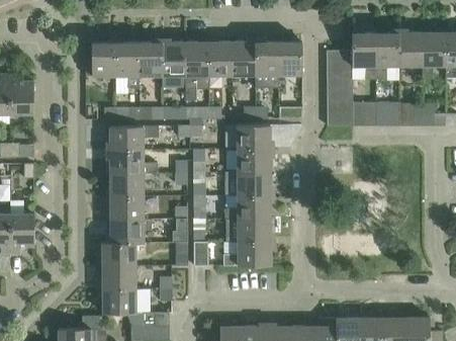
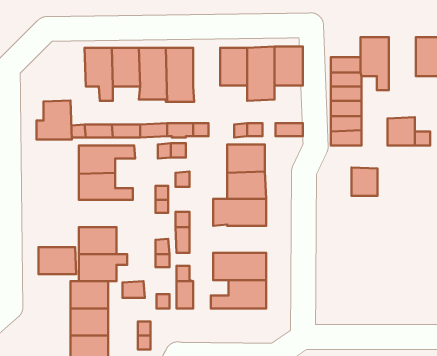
building: [376,33,399,79] -> none
building: [86,42,116,76] -> [36,100,72,139]
building: [208,42,232,76] -> none
building: [353,102,375,126] -> [351,167,377,196]
building: [110,173,143,196] -> [39,247,76,274]
building: [225,195,271,219] -> none

